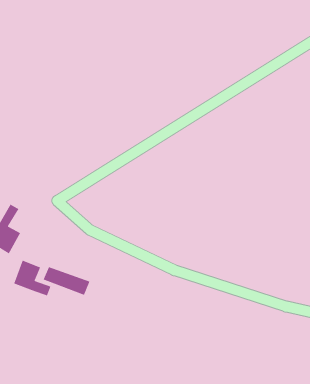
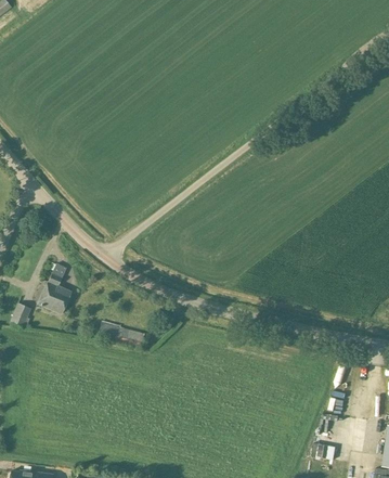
building: [13,259,51,297] -> none

